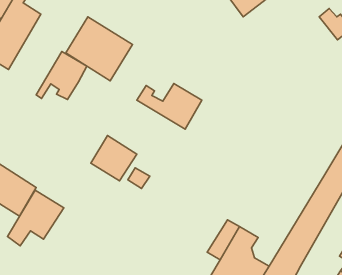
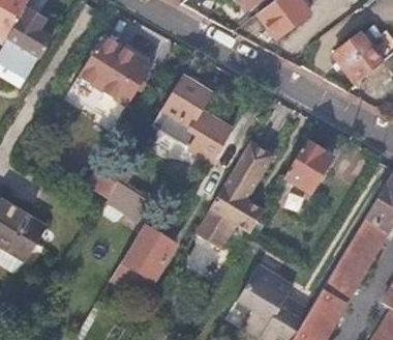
building: none -> [334,35,383,84]
building: [36,51,87,100] -> [152,77,209,131]
building: none -> [195,140,273,247]
building: none -> [284,140,332,192]
building: [7,190,64,246] -> [114,224,177,286]

